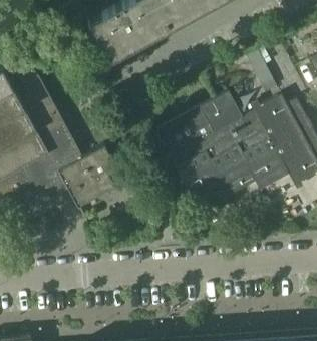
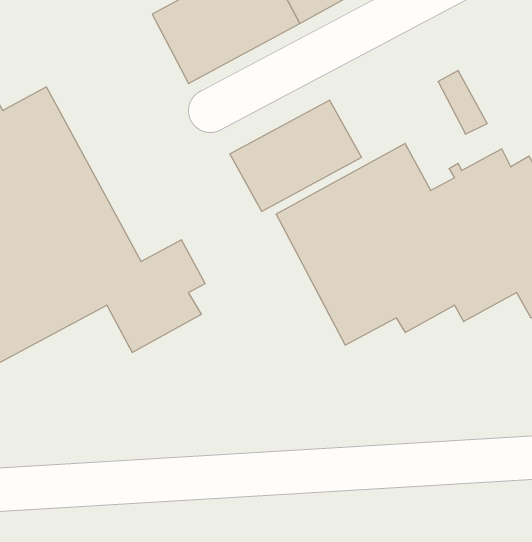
building: none -> [230,100,362,211]

